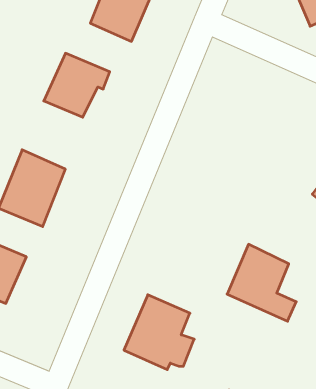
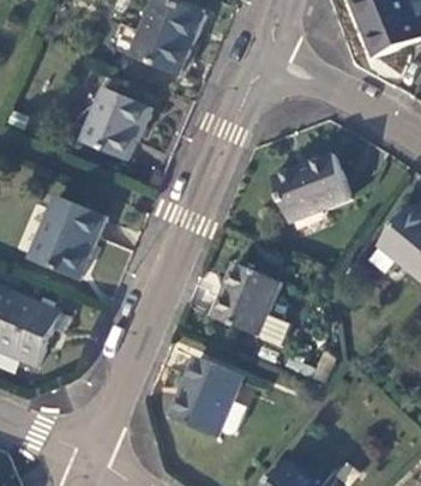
building: none -> [271,152,349,222]
building: [227,244,296,321] -> [211,262,288,347]

